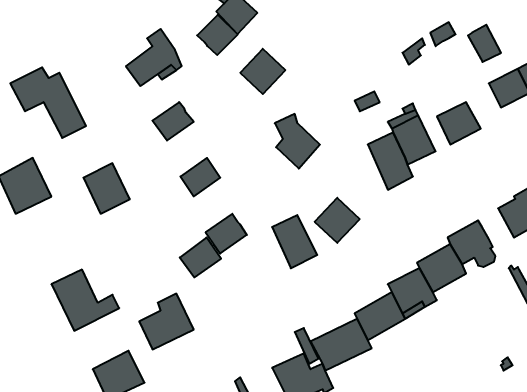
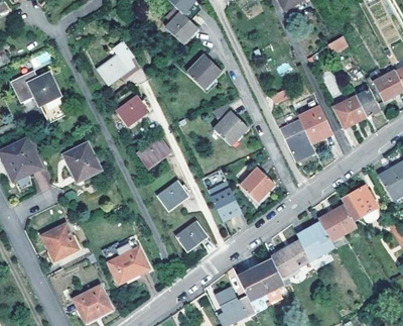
building: [197,15,238,55] -> none
building: [468,25,501,62] -> [356,88,381,116]
building: [180,237,221,277] -> [177,221,209,251]

